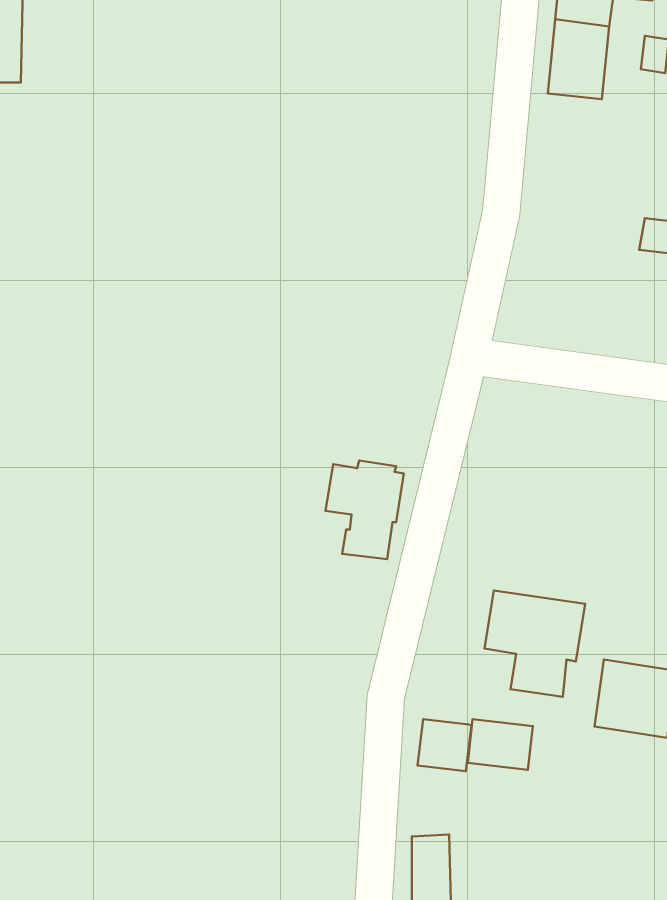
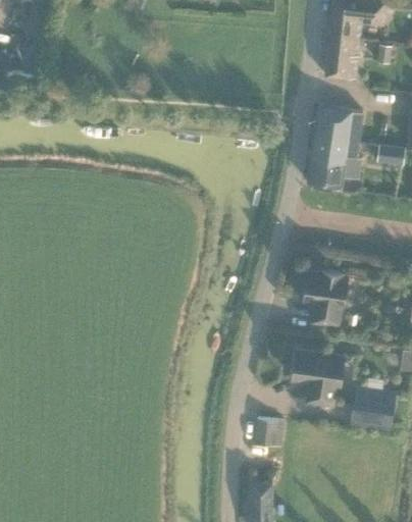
building: none -> [309,107,362,189]
building: [326,461,404,559] -> [307,271,350,325]
building: [468,719,533,770] -> none

